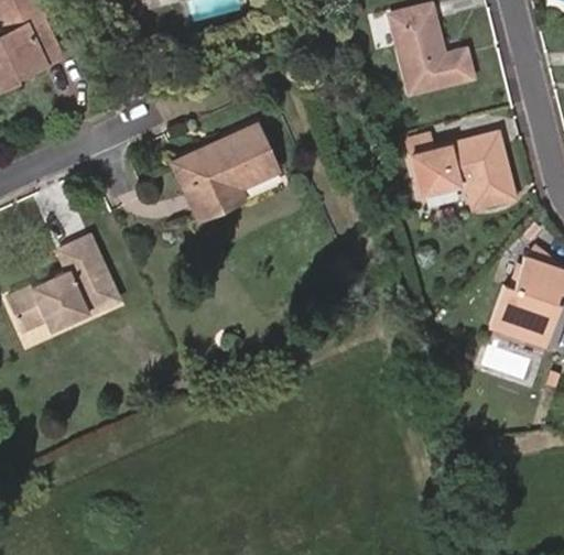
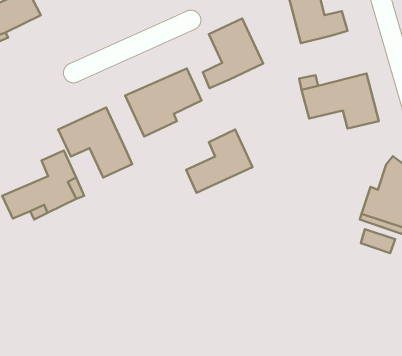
building: none -> [203,18,263,88]
building: none -> [58,108,132,177]
building: none -> [186,129,252,193]

